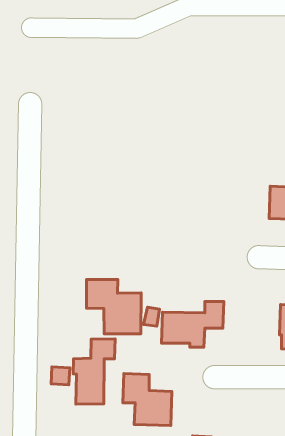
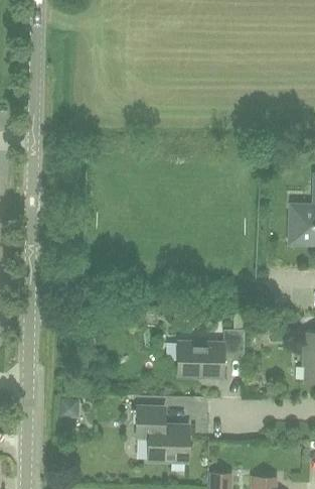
building: [86,279,141,334] -> none
building: [73,339,115,404] -> none

